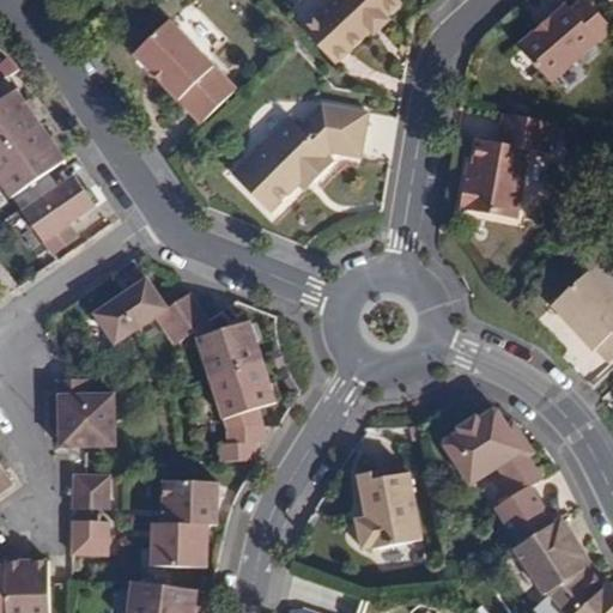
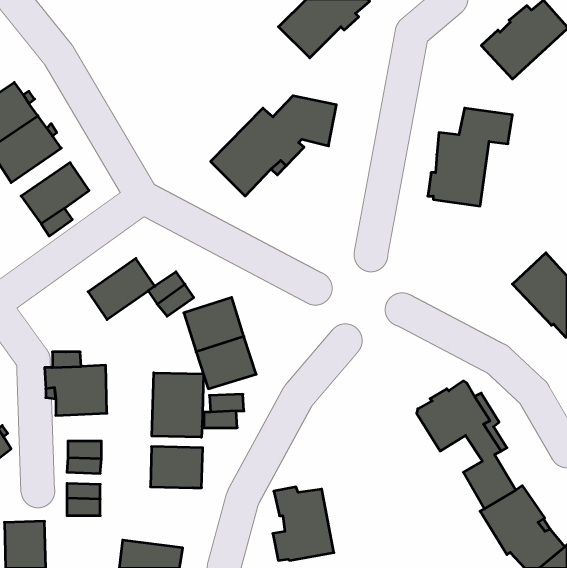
building: [133,20,232,121] -> none
building: none -> [152,373,203,437]
building: [354,471,420,550] -> [273,487,334,560]
building: [152,522,207,566] -> none

